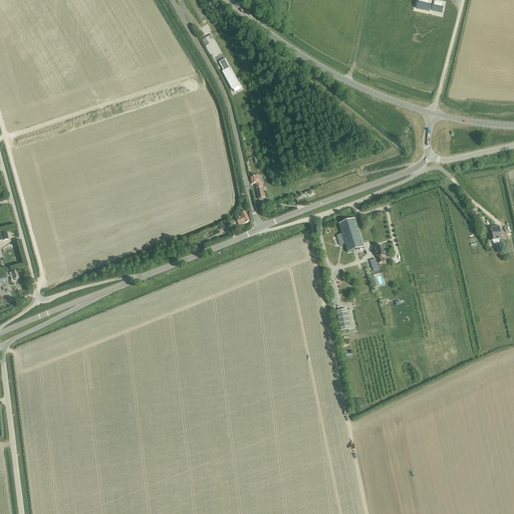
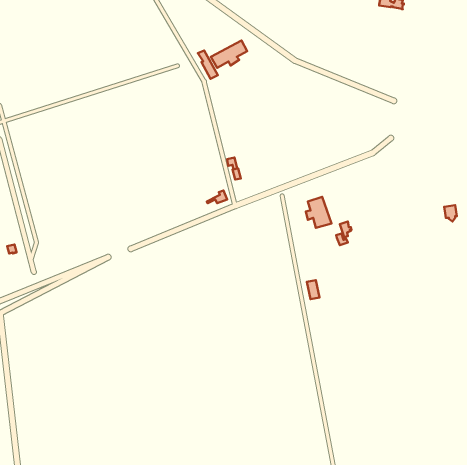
building: none -> [211,41,247,68]

